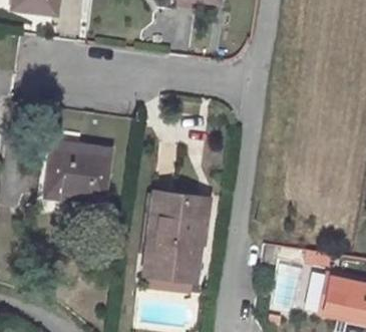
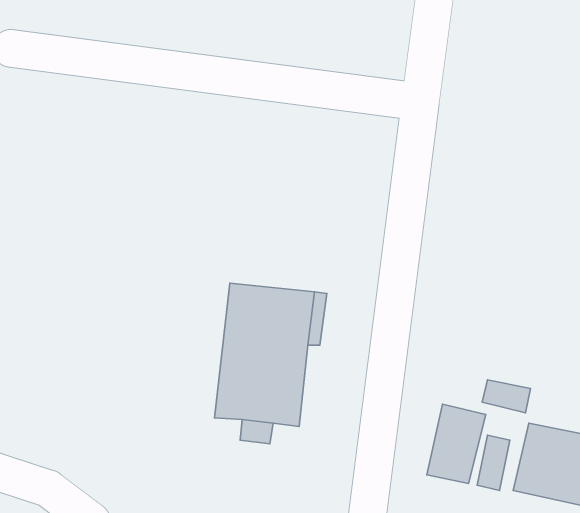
building: [45,143,110,200] -> none

